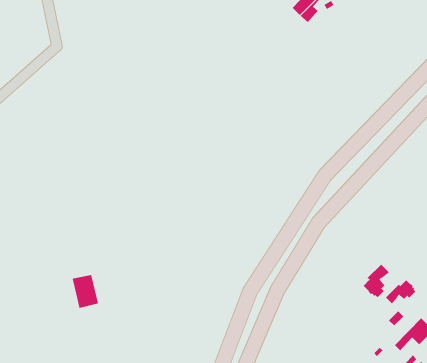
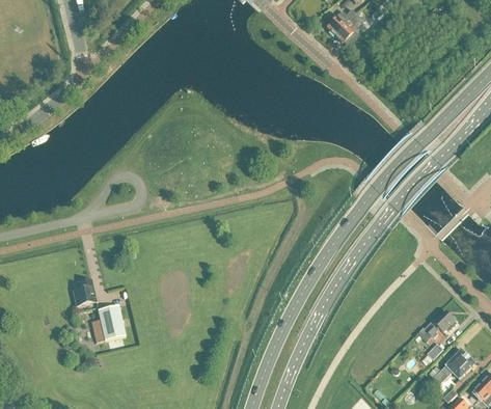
building: none -> [73,278,97,305]
building: [363,264,390,298] -> none

